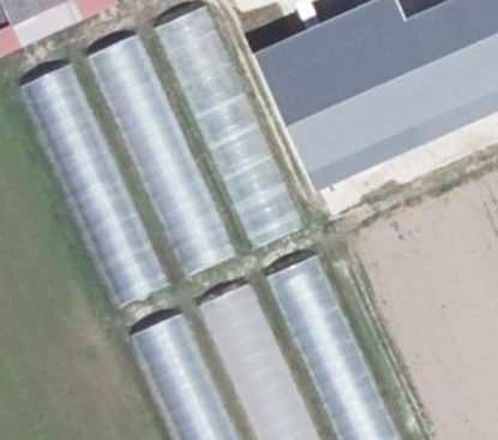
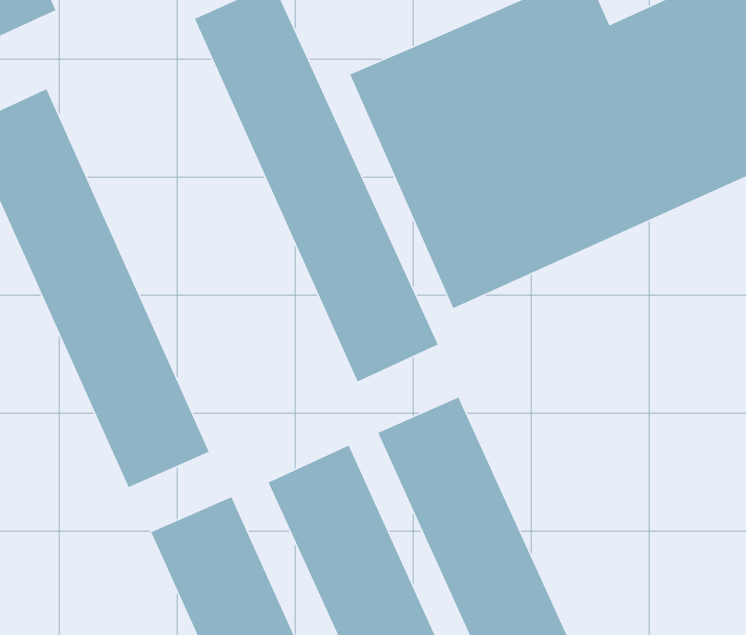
building: [88,30,235,272] -> none

